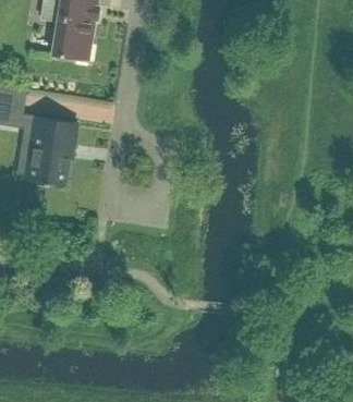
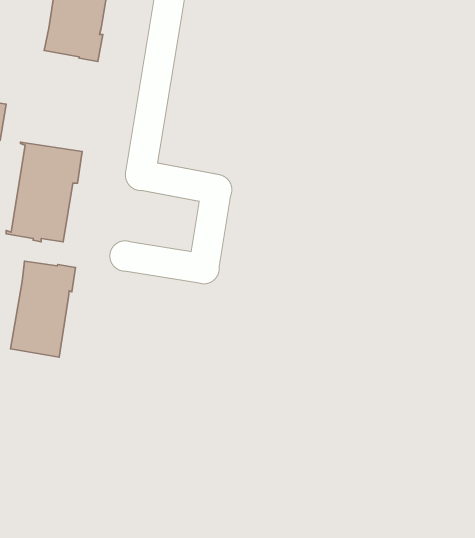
building: none -> [10,261,76,357]

